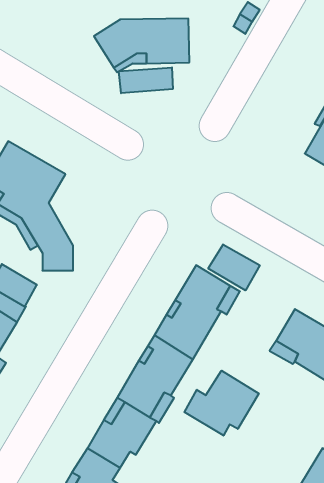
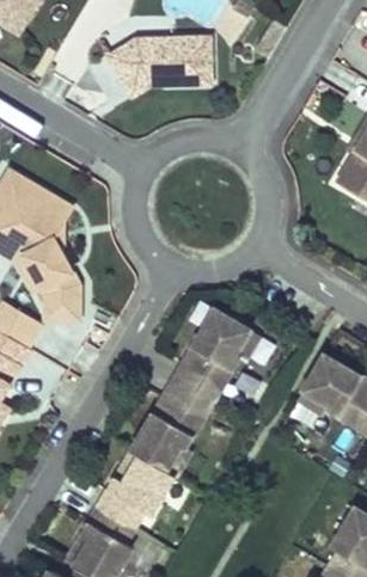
building: [119,67,173,93] -> none
building: [208,244,260,290] -> none
building: [184,371,259,436] -> none

